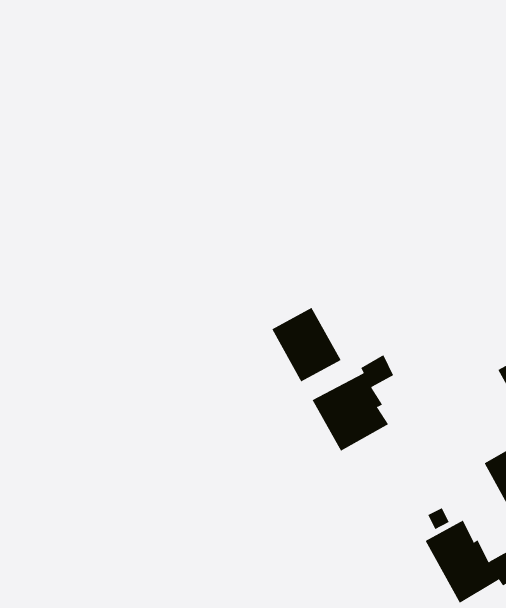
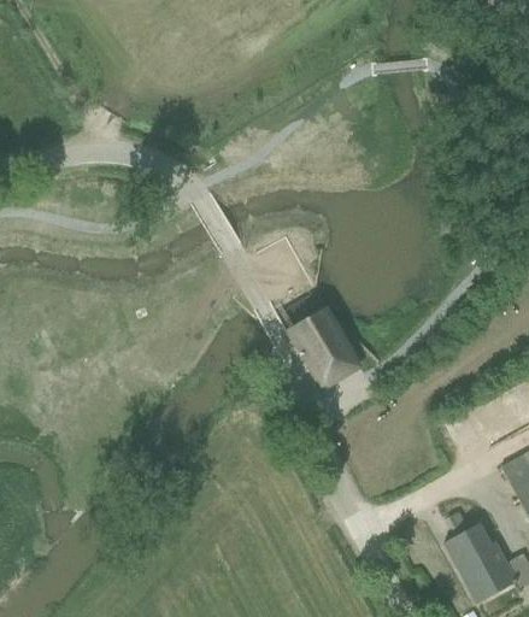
building: [312,354,394,452] -> none

